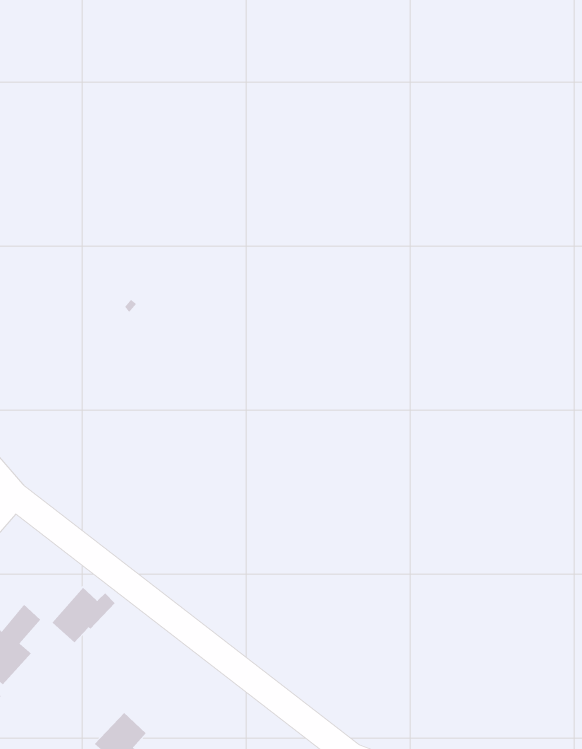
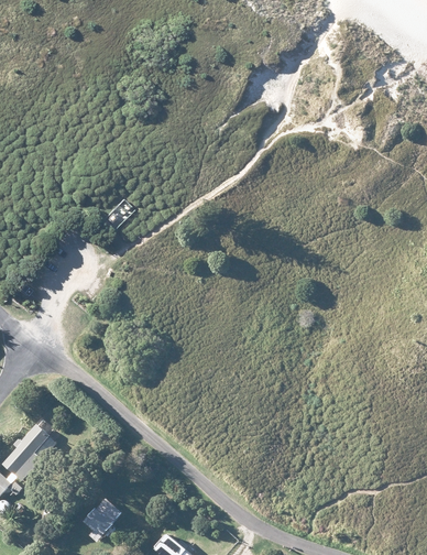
building: [52,587,116,643] -> none

